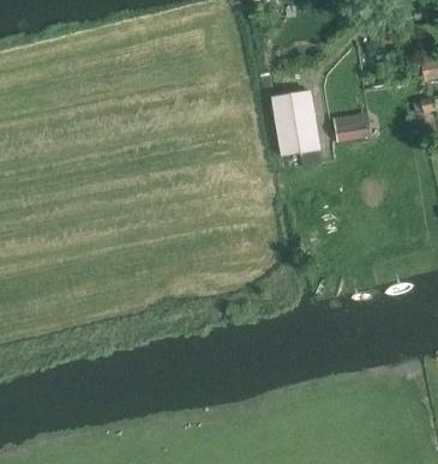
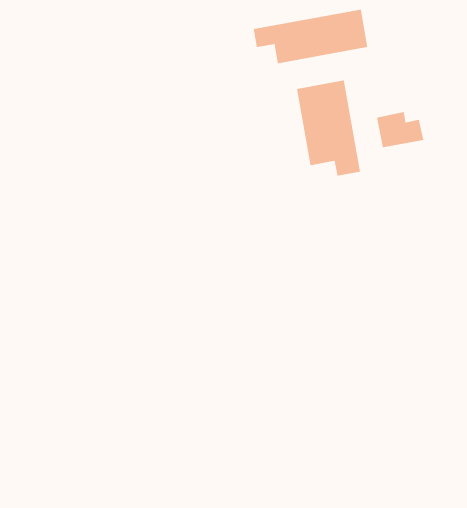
building: none -> [253,9,368,64]

